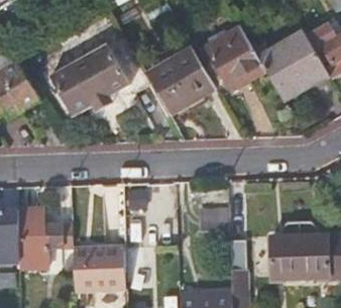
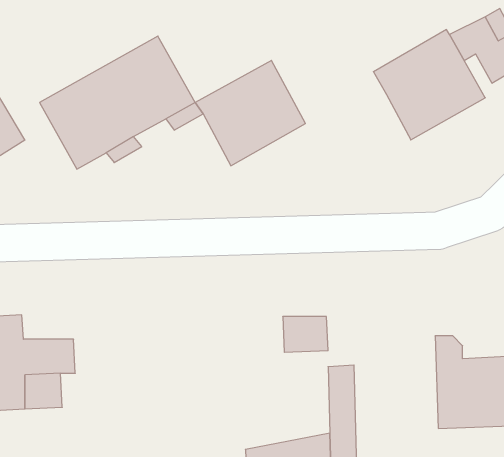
building: [206,26,266,90] -> none
building: [269,220,299,279] -> none
building: [73,243,127,290] -> none

